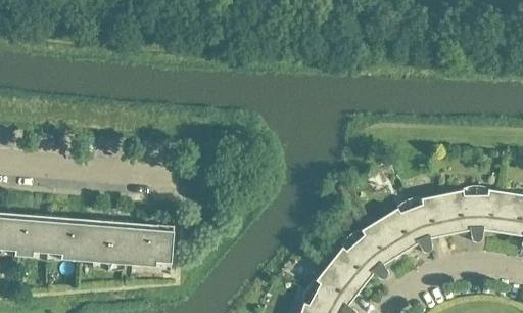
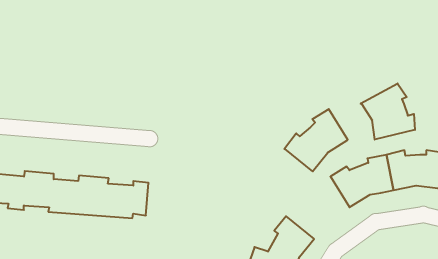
building: none -> [361,83,415,140]
building: [329,219,400,289] -> [284,109,348,171]

